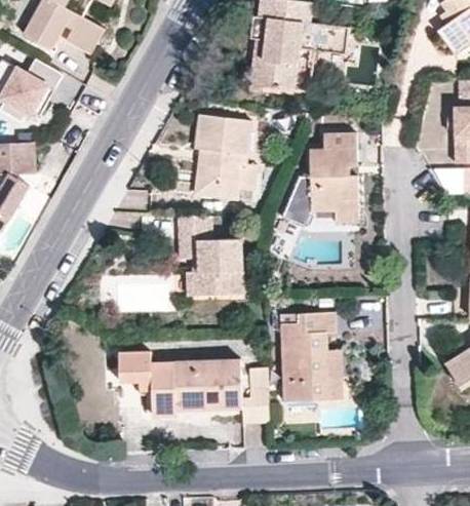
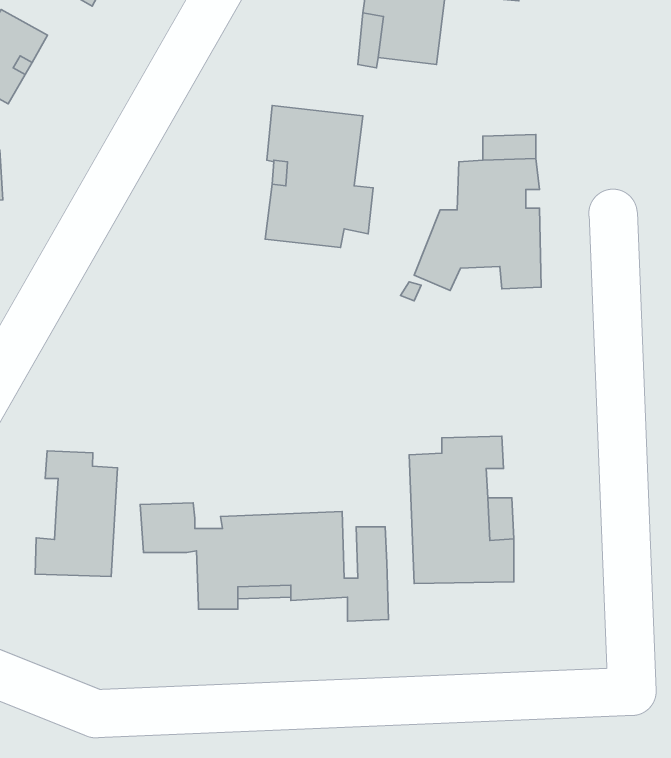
building: [179,239,244,295] -> none
building: none -> [35,451,117,577]

